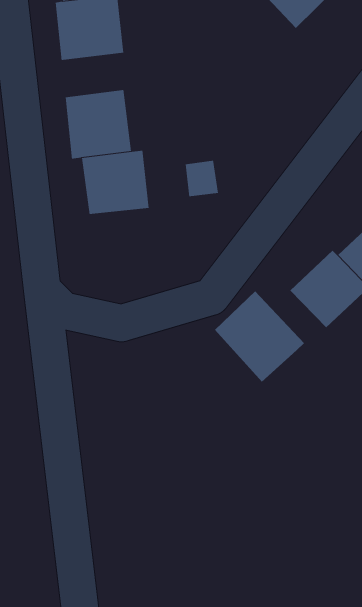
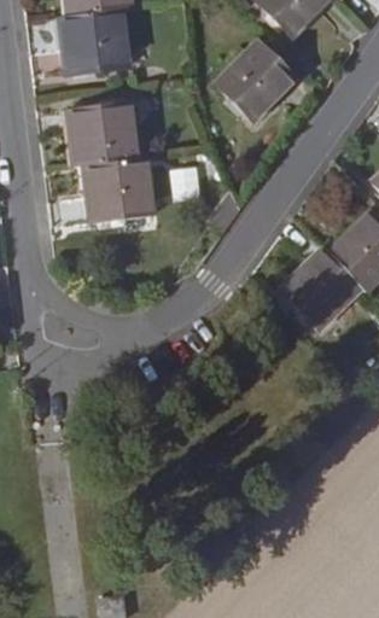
building: none -> [217,47,291,121]
building: [214,291,305,382] -> none

